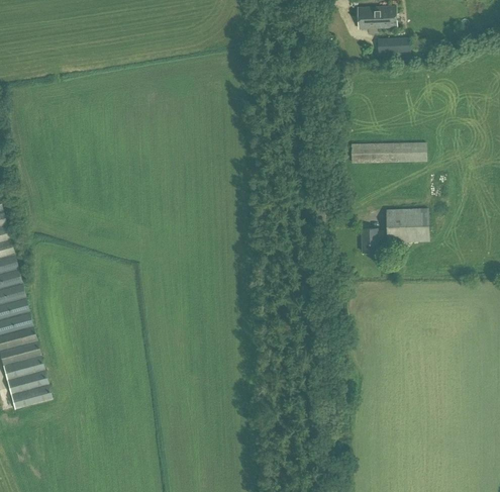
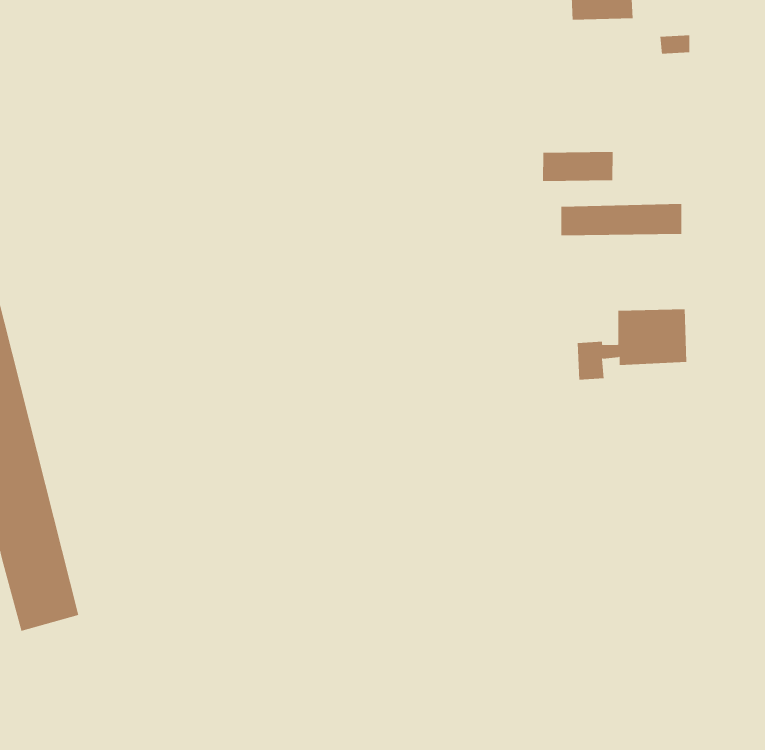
building: [377,36,410,53] -> none
building: none -> [542,151,613,182]

